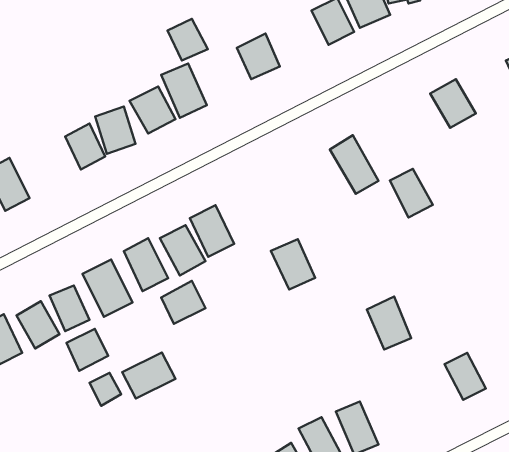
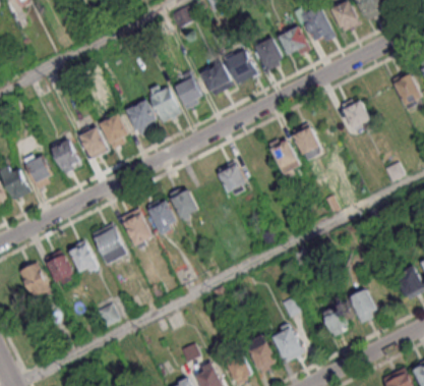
building: none -> [226,51,256,84]
building: [168,19,208,61] -> [176,79,204,109]
building: none -> [51,140,79,171]
building: [390,169,433,218] -> [291,122,321,157]
building: [271,239,315,289] -> [216,161,247,197]
building: [161,281,206,324] -> none
building: [367,297,411,350] -> [318,297,350,335]
building: [67,329,108,371] -> none
building: [122,352,176,399] -> none

